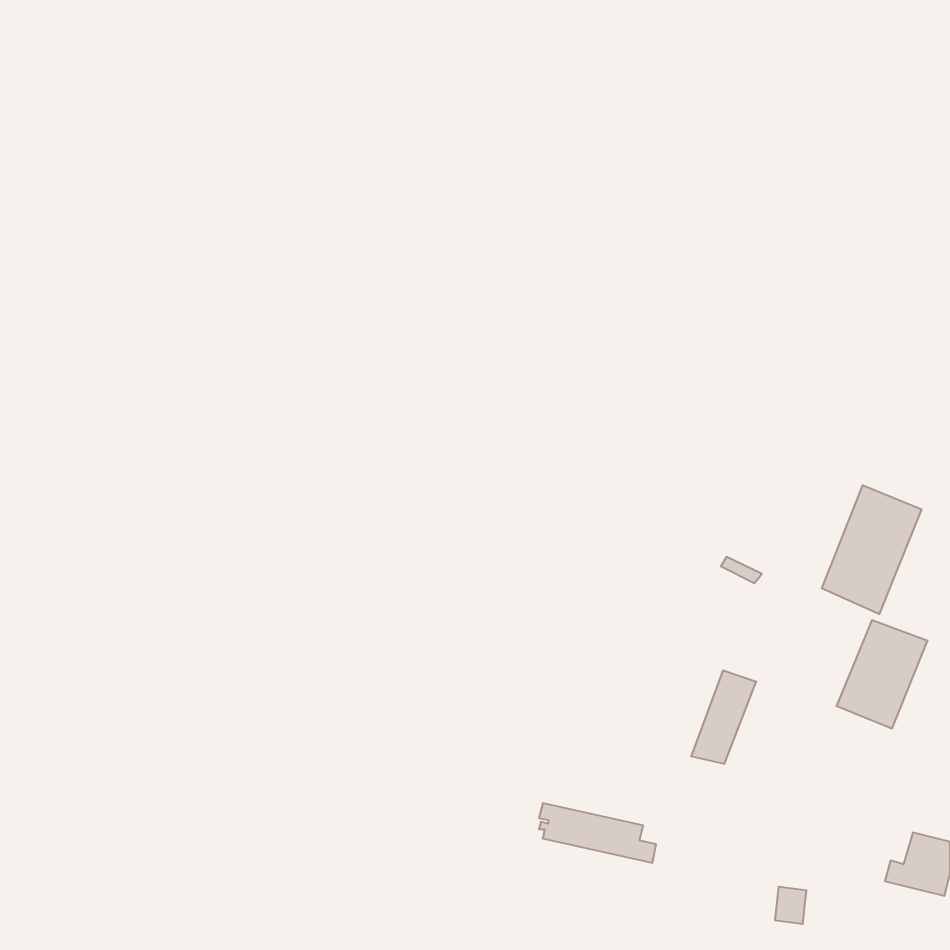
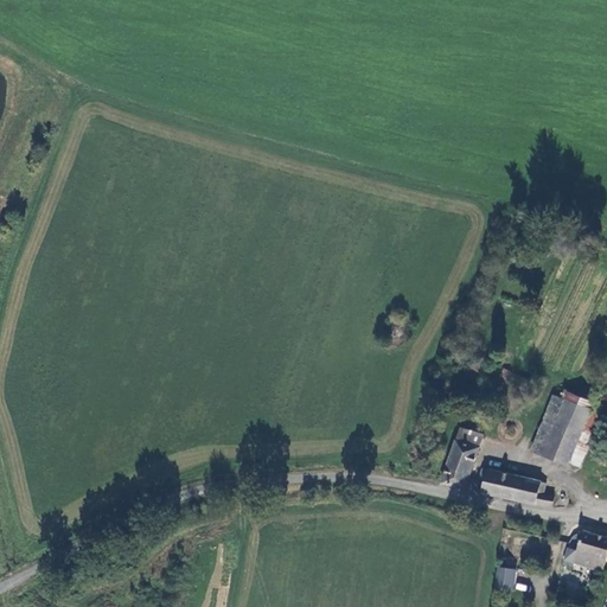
building: [822,485,922,614] -> none
building: [539,803,656,863] -> [477,467,551,505]

